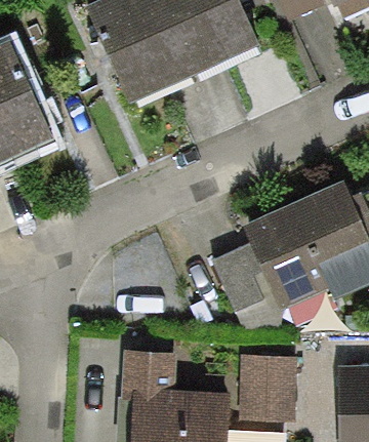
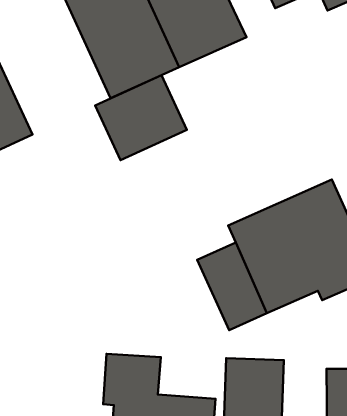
building: none -> [95,75,187,160]

